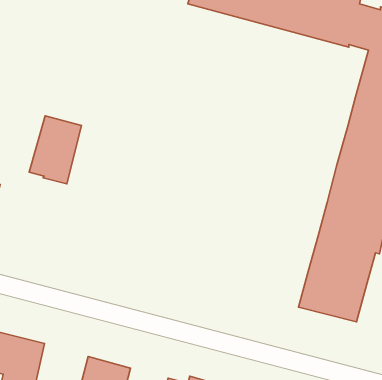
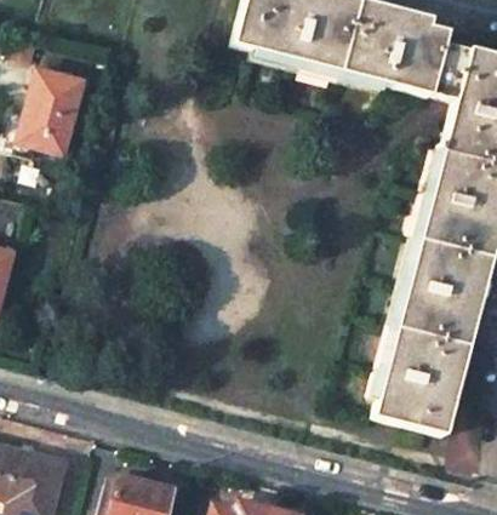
building: [29,116,82,184] -> [16,70,80,154]

